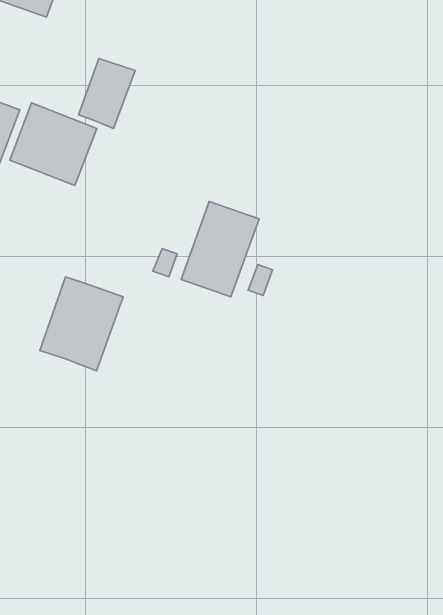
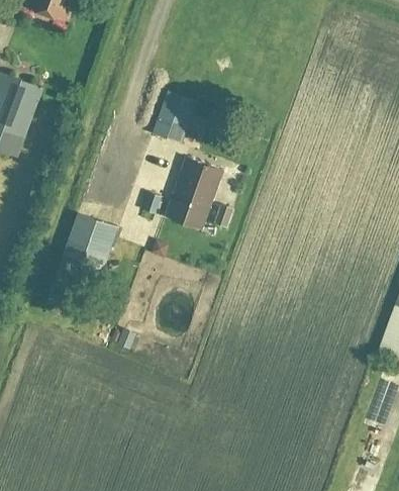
building: [79,58,135,128] -> [153,92,195,144]
building: [10,103,97,186] -> none

